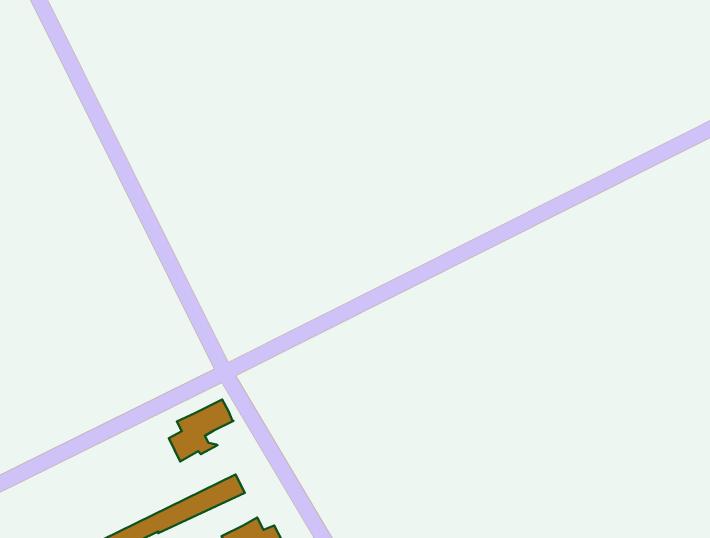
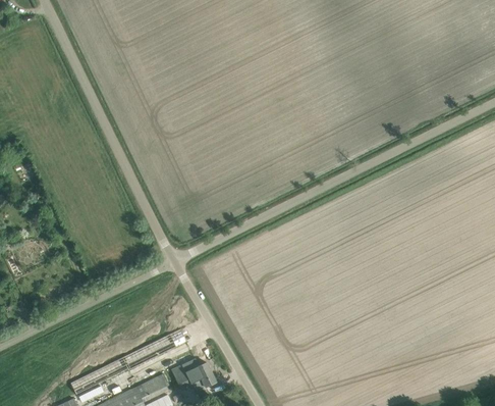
building: [169,399,233,462] -> none

